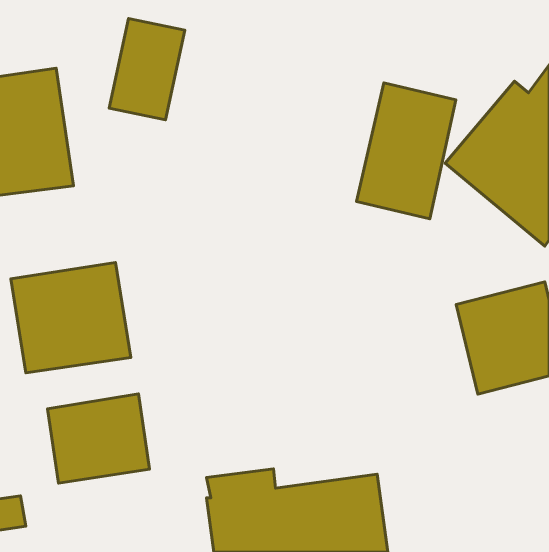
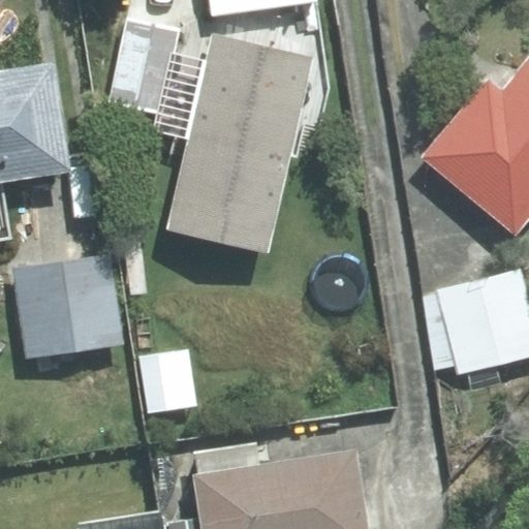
building: none -> [165,36,313,254]
building: [357,83,456,219] -> none
building: [48,394,150,483] -> none

